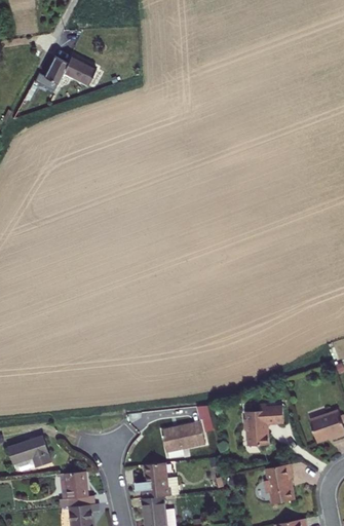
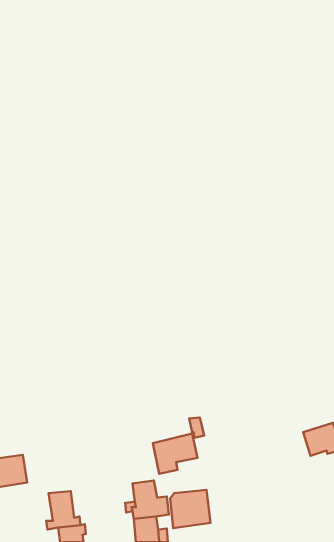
building: [45,53,98,86] -> none
building: [243,404,284,446] -> none
building: [263,462,295,503] -> none
building: none -> [170,490,210,528]

